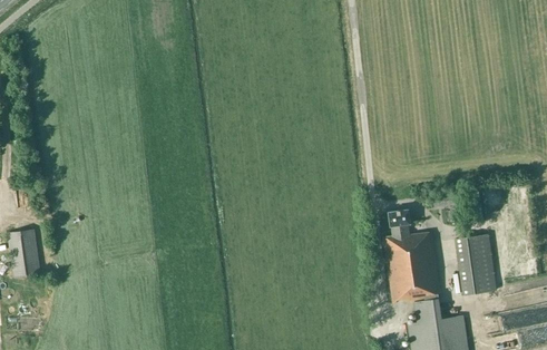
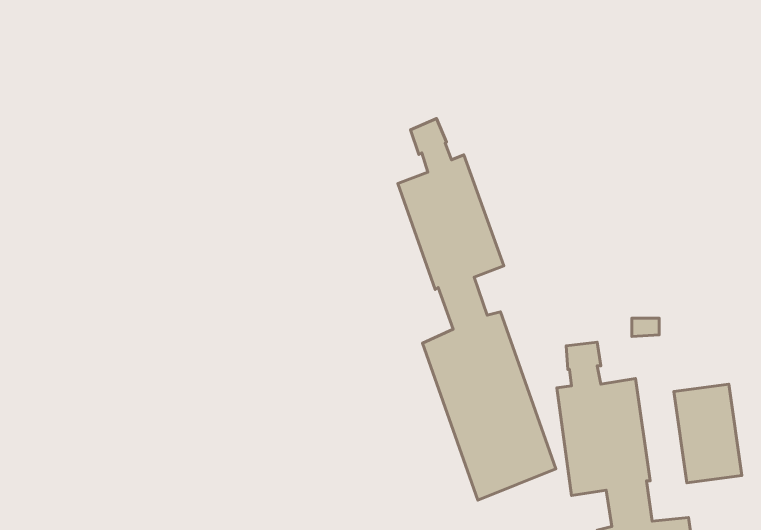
building: none -> [398,118,556,500]

